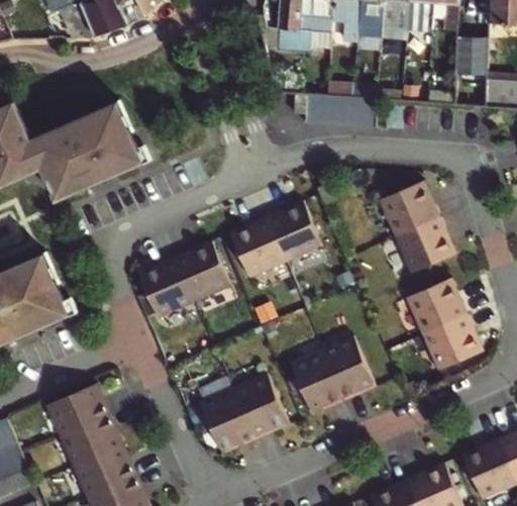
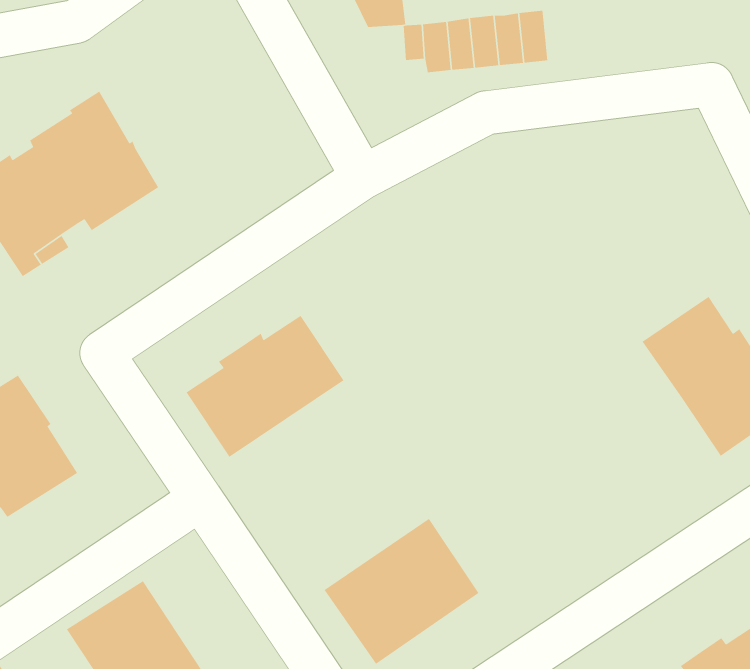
building: [376,178,450,270] -> none
building: [230,205,322,279] -> none
building: [288,335,372,411] -> none

